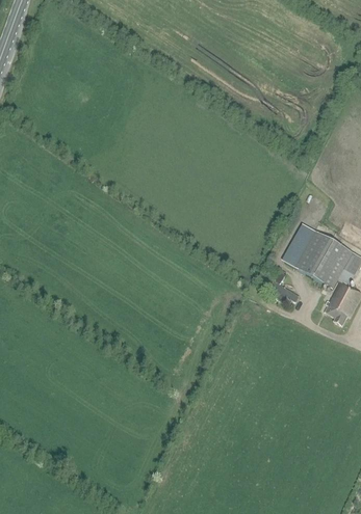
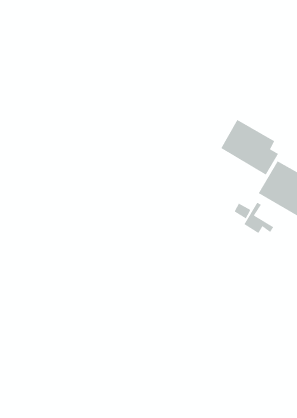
building: none -> [221,119,279,176]

